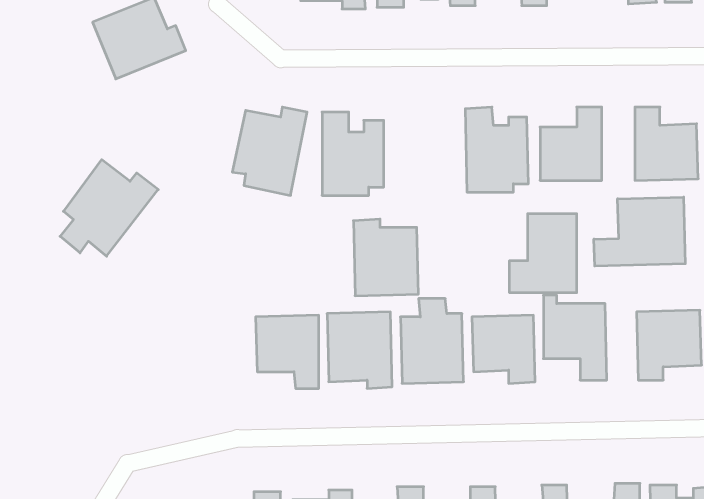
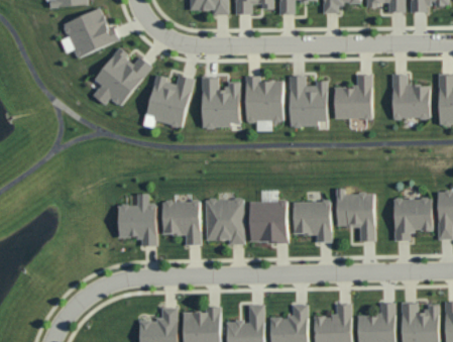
building: [60,160,158,256] -> [92,48,151,107]
building: [594,197,685,266] -> none
building: [510,214,577,293] -> none
building: [353,219,418,296] -> [244,76,284,122]
building: none -> [118,195,155,246]

